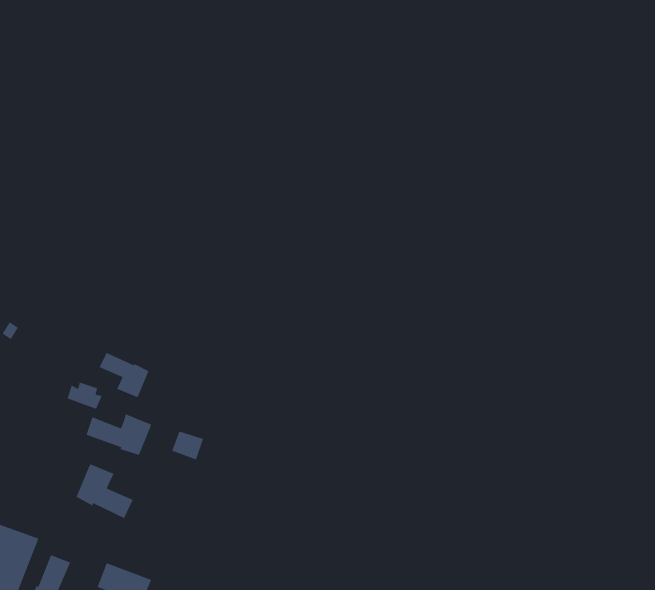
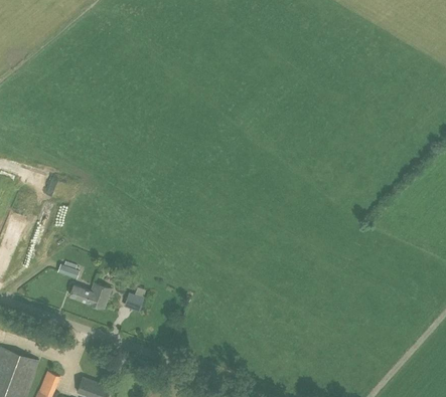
building: [98,352,149,398] -> none
building: [76,463,134,519] -> none

